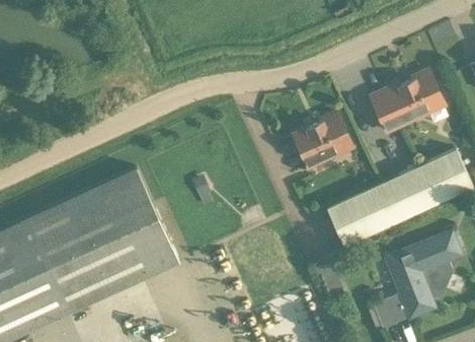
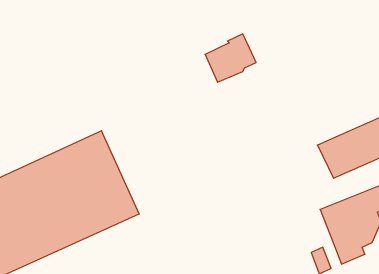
building: [374,68,442,130] -> none
building: [292,111,349,165] -> [205,34,256,82]
building: [327,184,399,246] -> none

